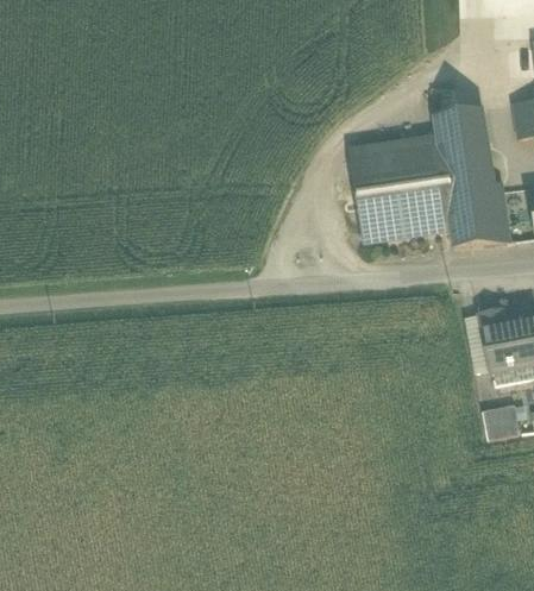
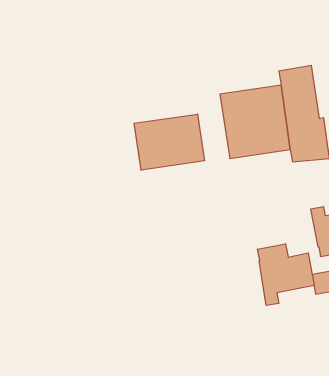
building: none -> [134,114,204,170]
building: none -> [258,244,314,305]

